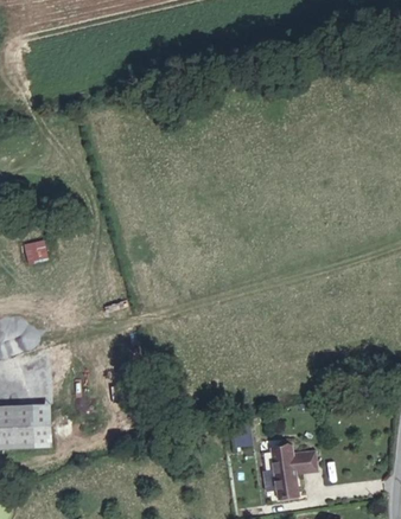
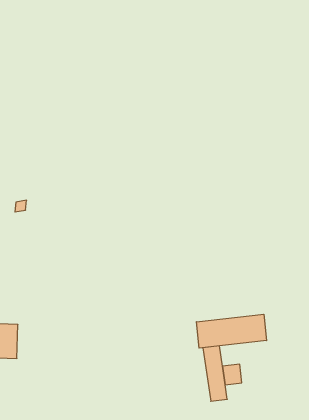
building: none -> [196,314,267,348]
building: [32,399,51,441] -> none

